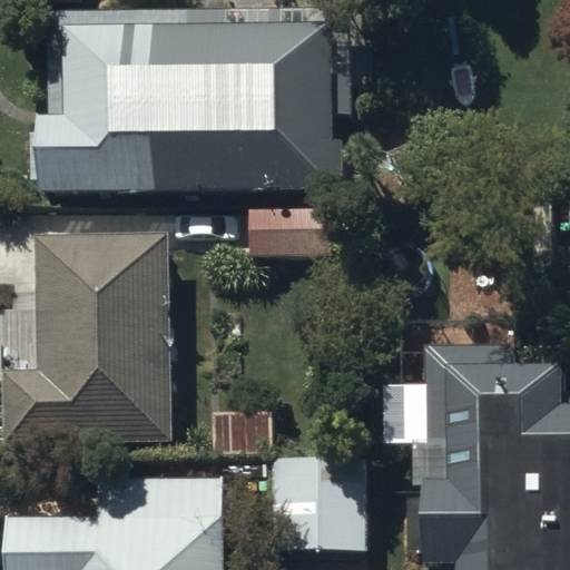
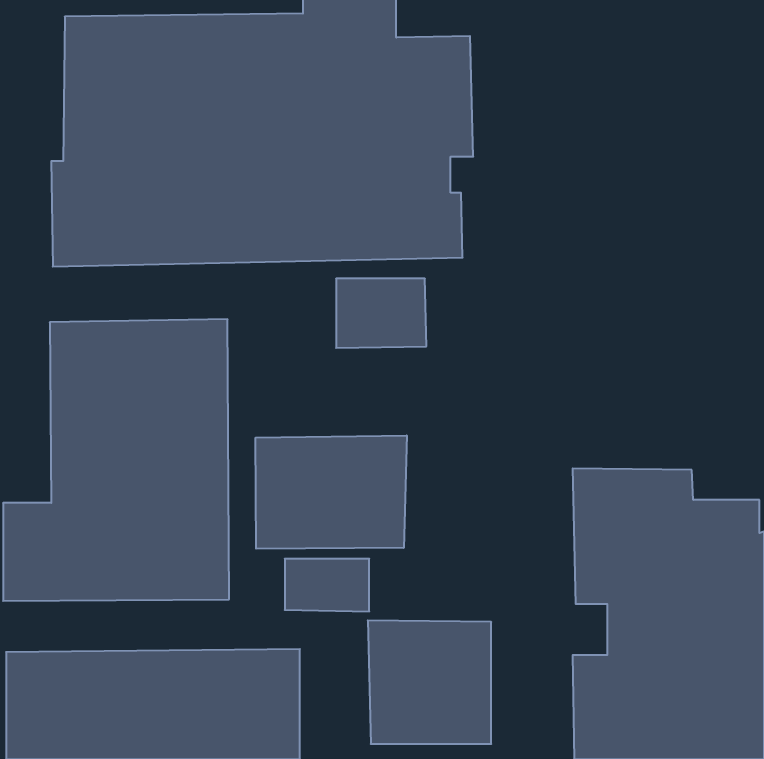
building: none -> [256,435,407,549]

